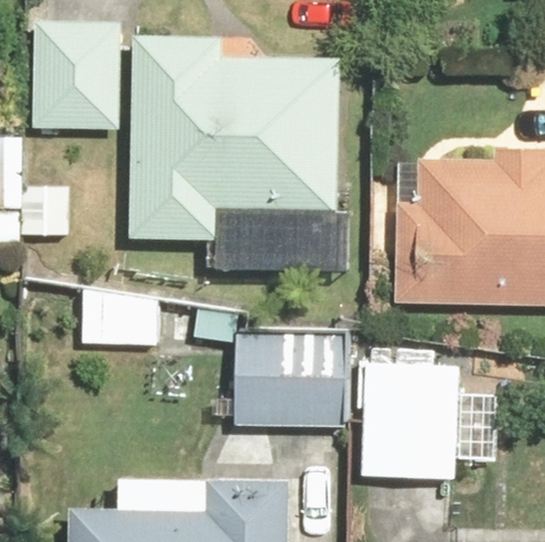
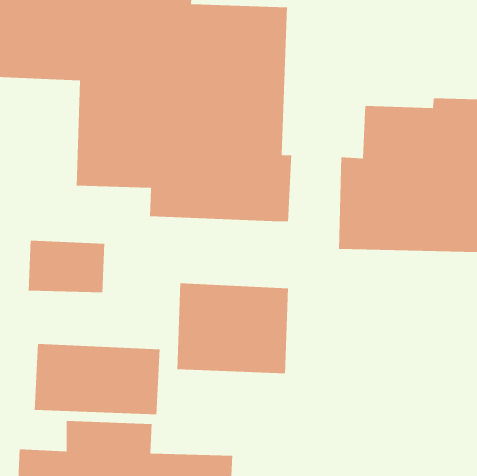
building: [357,350,459,480] -> none
building: none -> [34,343,160,415]

